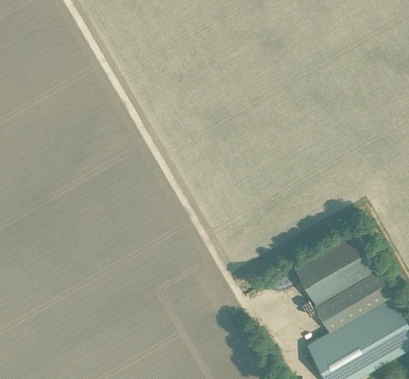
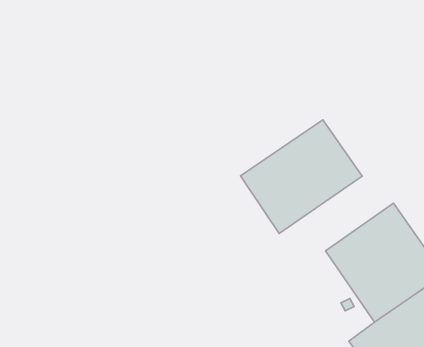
building: none -> [241,120,362,234]

